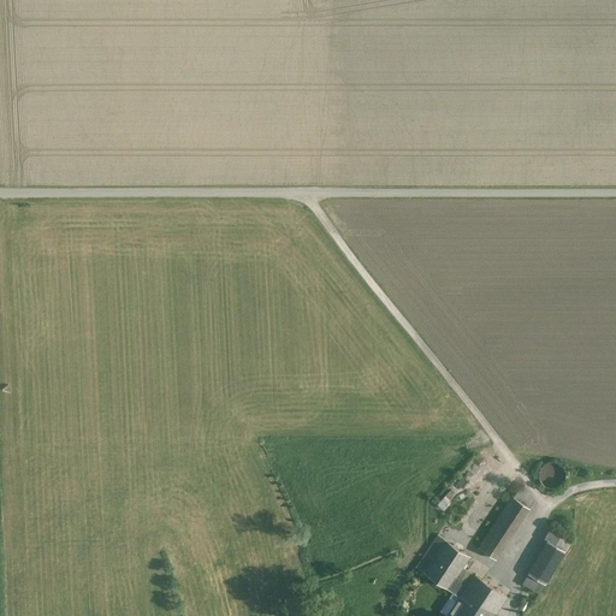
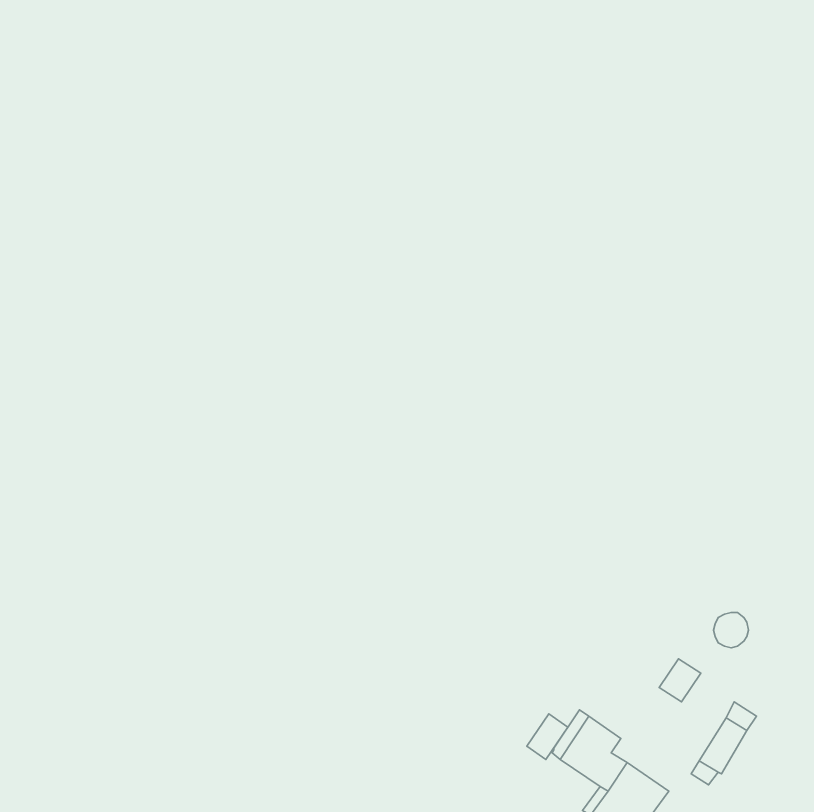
building: [478,521,514,562] -> none
building: none -> [527,714,568,760]

